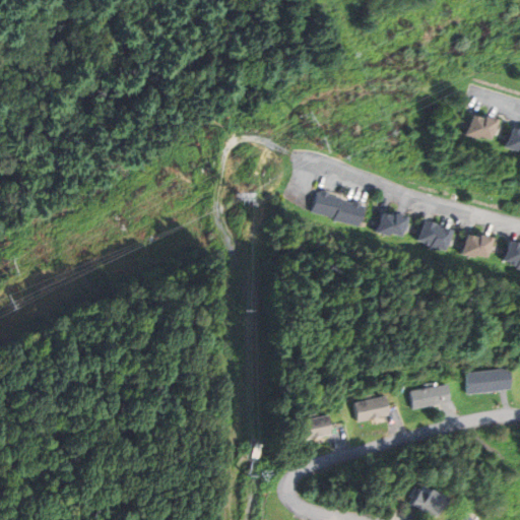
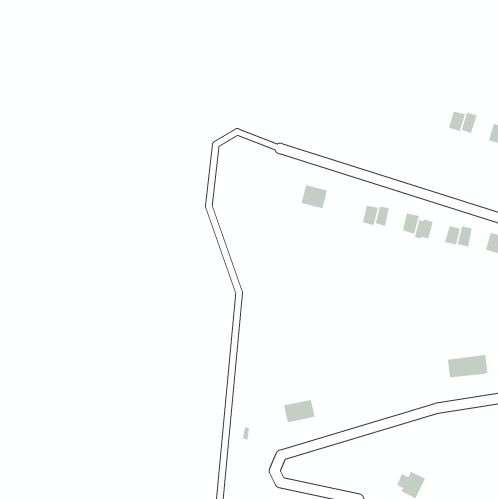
building: [337,200,365,225] -> none
building: [410,385,448,408] -> none
building: [354,397,386,420] -> none

